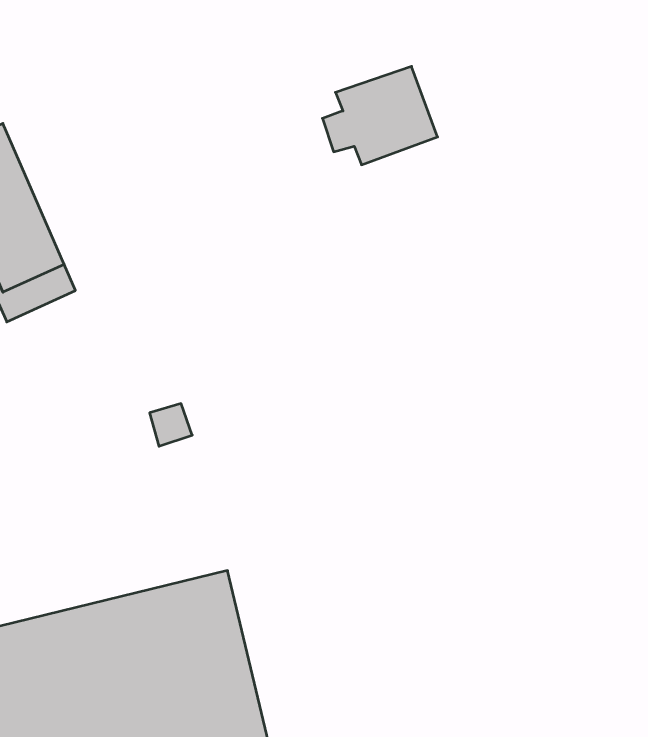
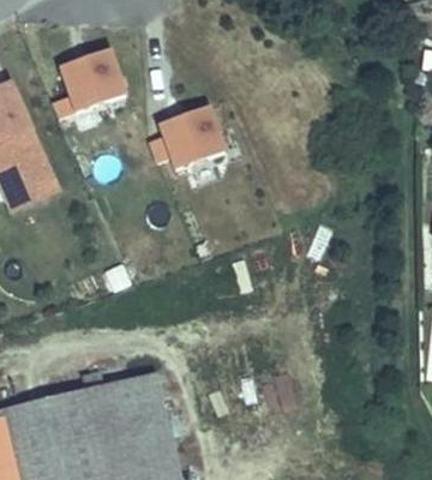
building: [322,66,438,165] -> [150,106,224,169]
building: none -> [54,49,125,118]

